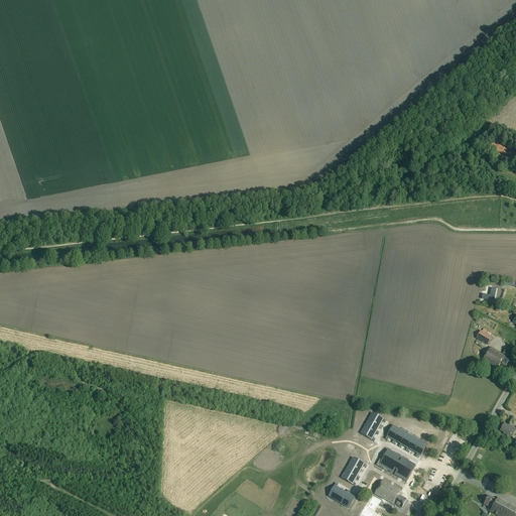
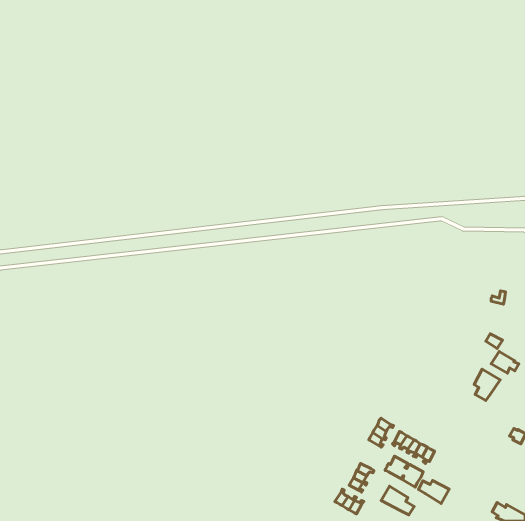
building: none -> [474,369,500,400]
building: none -> [418,481,449,503]

